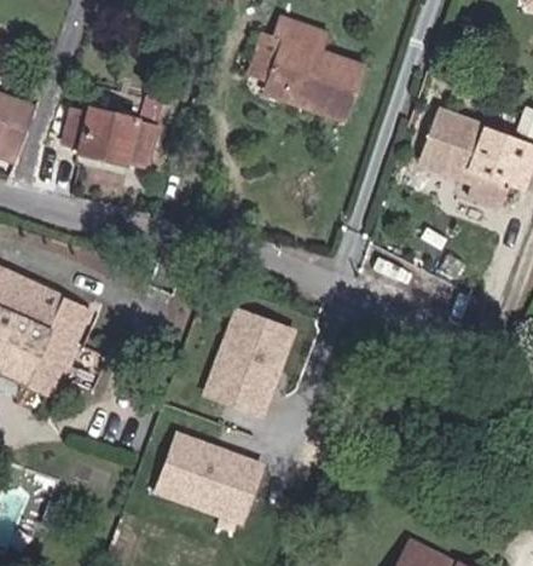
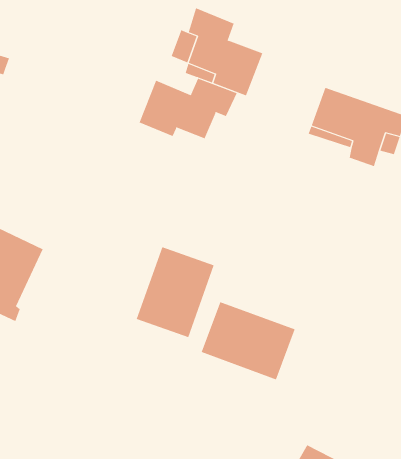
building: none -> [139,78,237,139]
building: [63,108,155,168] -> none
building: [155,428,270,524] -> [201,301,295,380]

